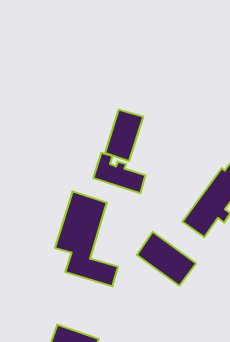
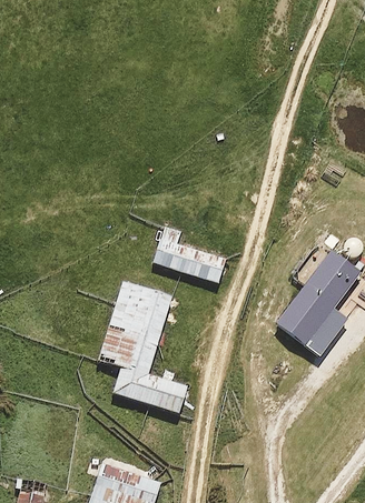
building: [105,109,143,161] -> none
building: [137,232,196,286] -> none

